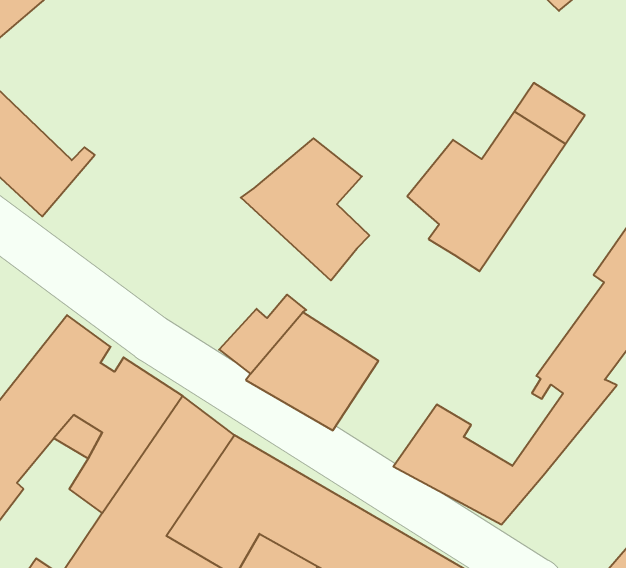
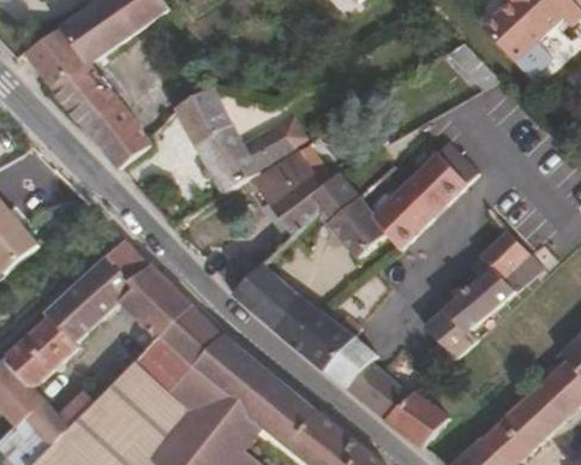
building: none -> [179,91,292,192]
building: none -> [313,171,385,262]
building: none -> [287,299,363,370]
building: none -> [388,392,449,443]

